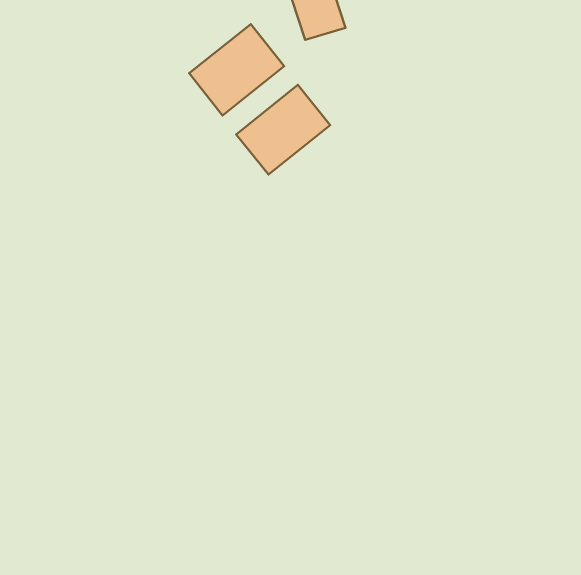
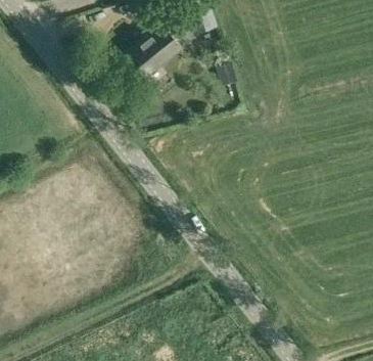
building: [236,85,330,175] -> none

